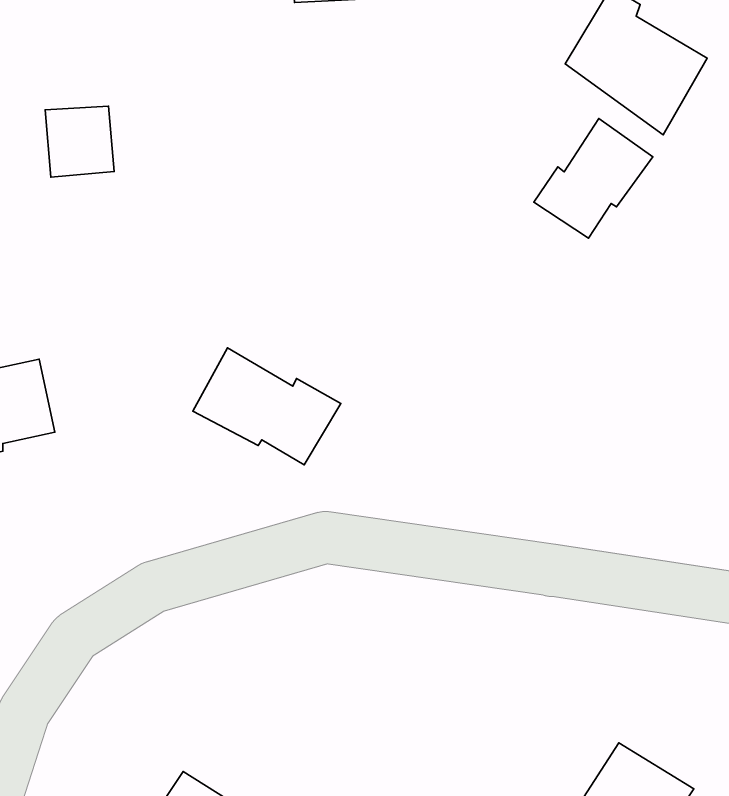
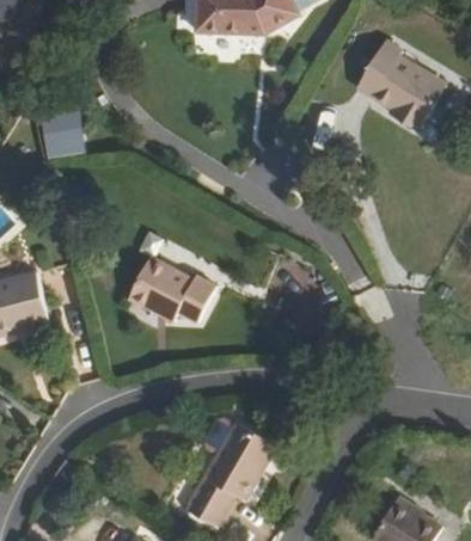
building: [534,119,653,238] -> none
building: none -> [190,410,286,522]

